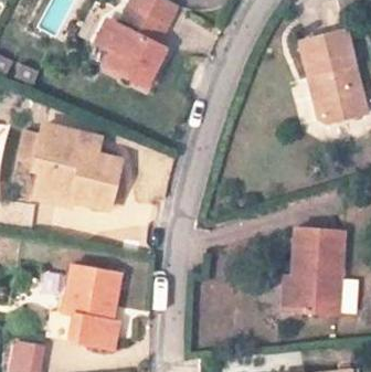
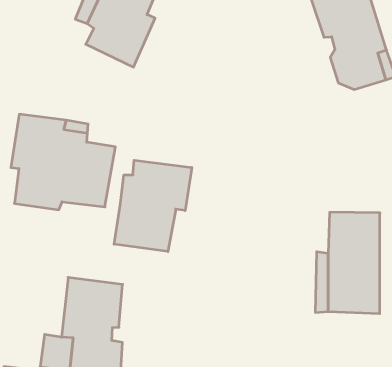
building: none -> [114,160,192,252]

